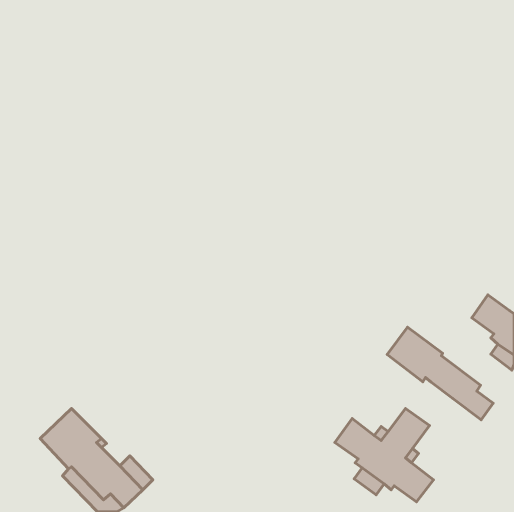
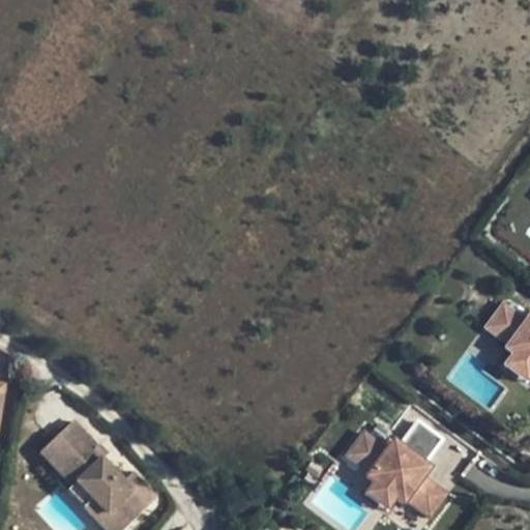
building: [387,327,493,420] -> none

